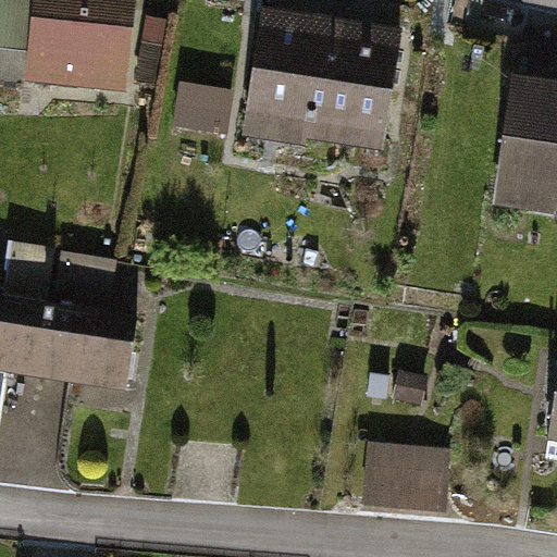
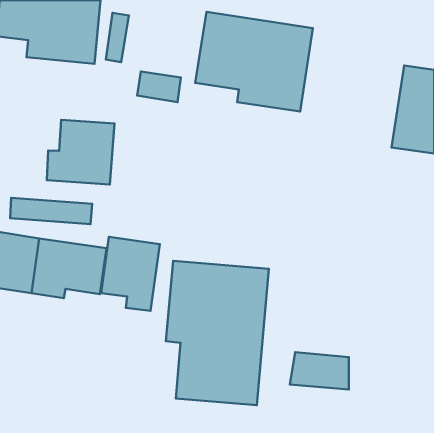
building: none -> [47,120,114,185]
building: none -> [101,237,160,311]
building: none -> [166,261,269,405]

